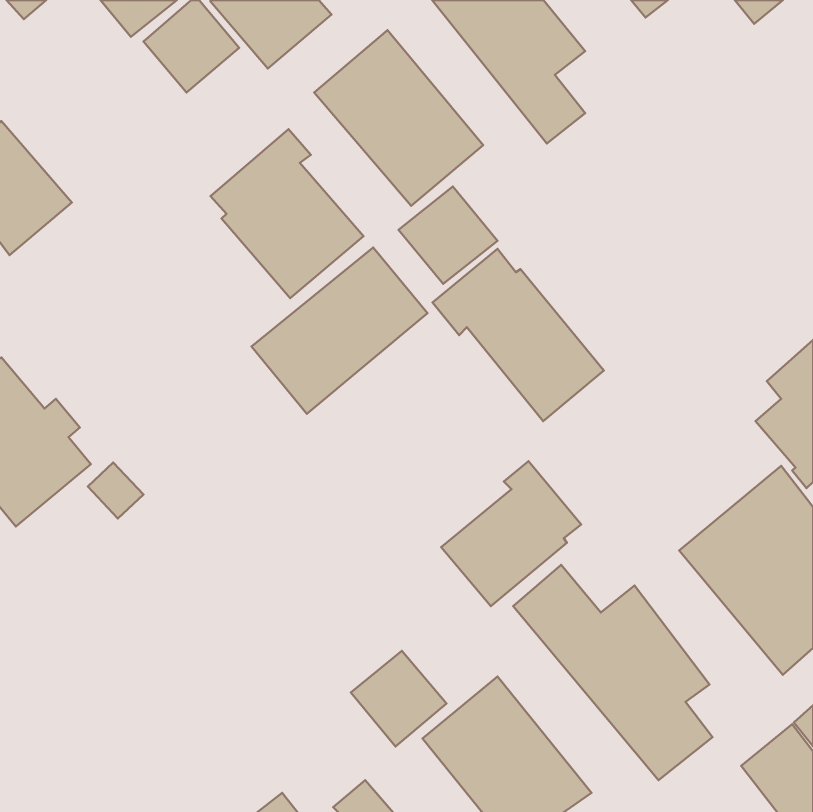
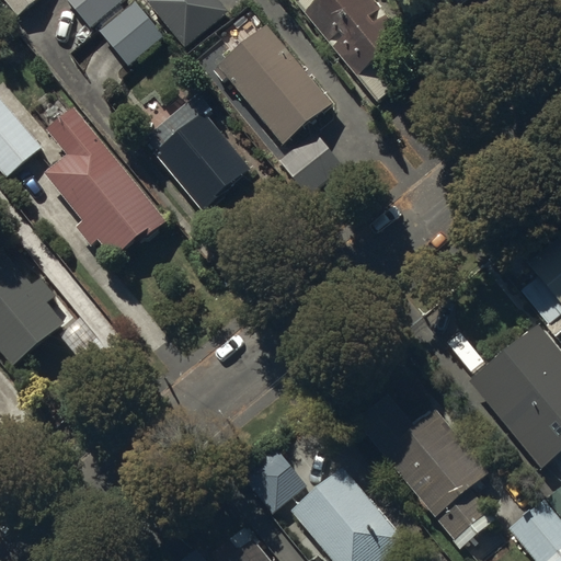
building: none -> [41,106,168,256]
building: [252,247,428,414] -> none
building: [432,249,604,421] -> none
building: [441,461,581,606] -> none

